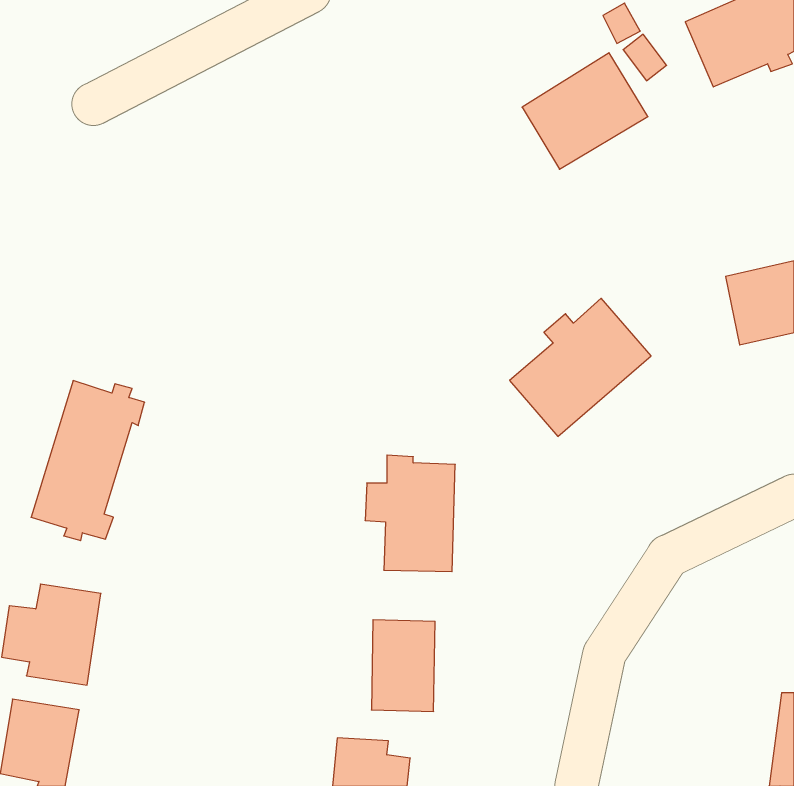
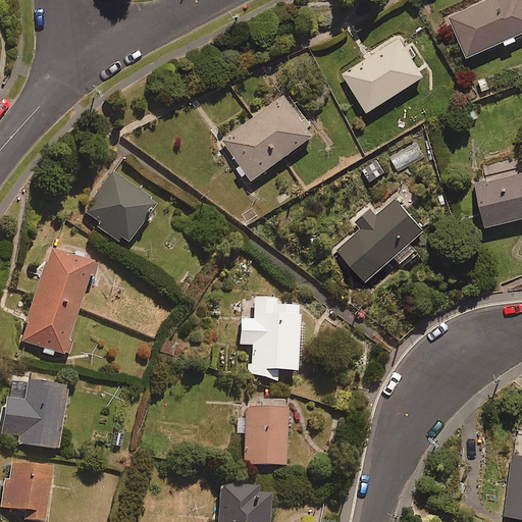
building: none -> [221,91,316,179]
building: none -> [80,170,156,246]

